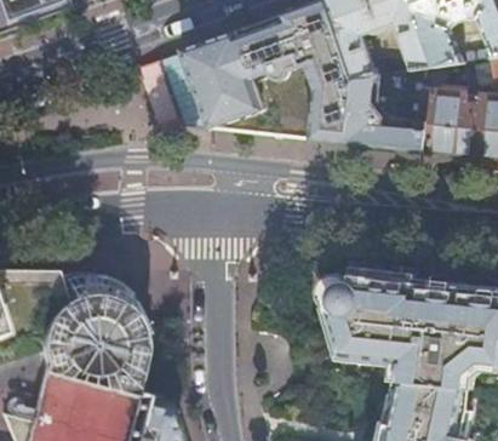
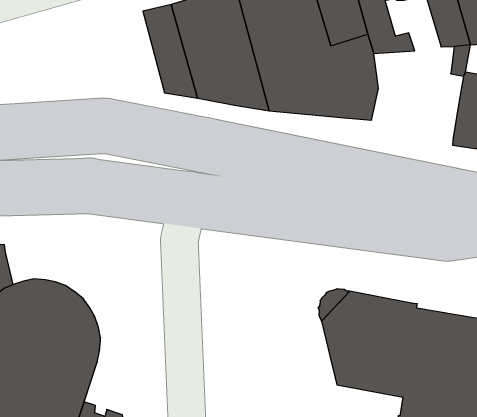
building: [354,96,425,143] -> none

